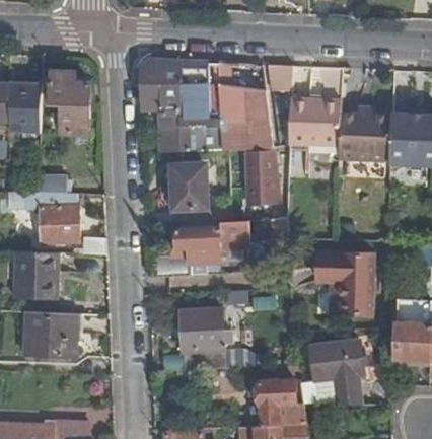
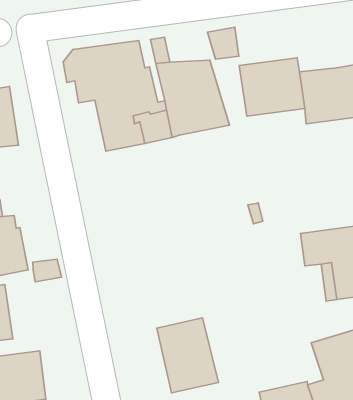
building: [246,150,279,206] -> none
building: [173,165,206,224] -> none
building: [176,220,249,263] -> none

